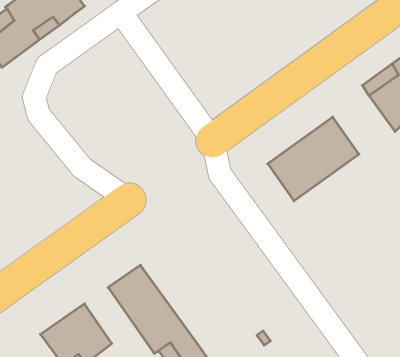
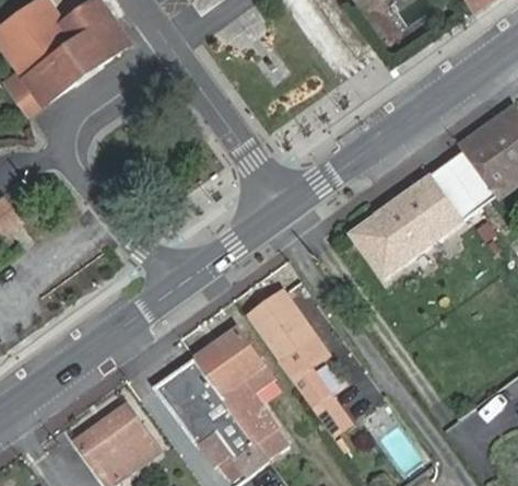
building: none -> [427,155,490,222]
building: none -> [251,287,352,431]
building: none -> [195,327,289,459]

